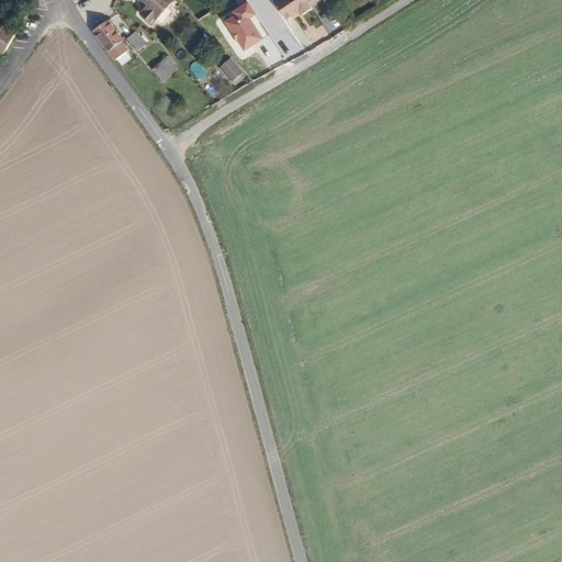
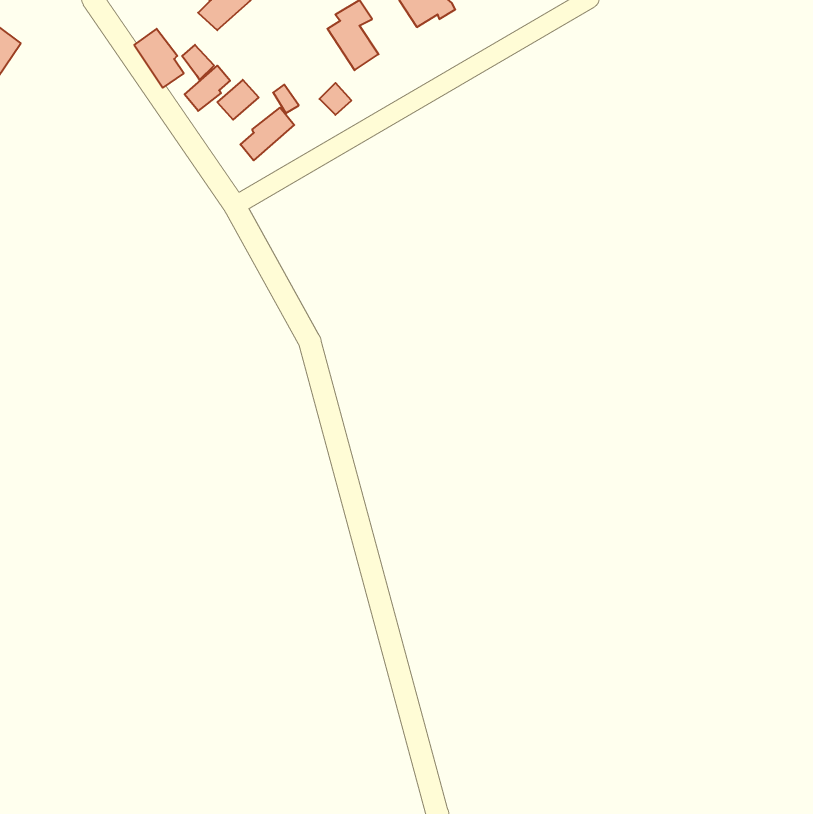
building: none -> [185,66,230,111]
building: none -> [240,108,294,160]

